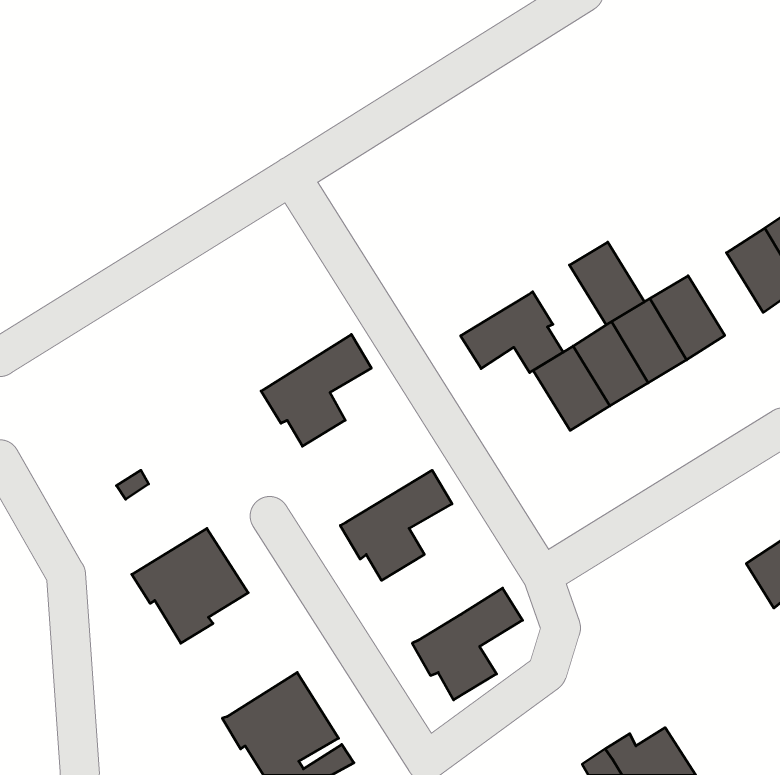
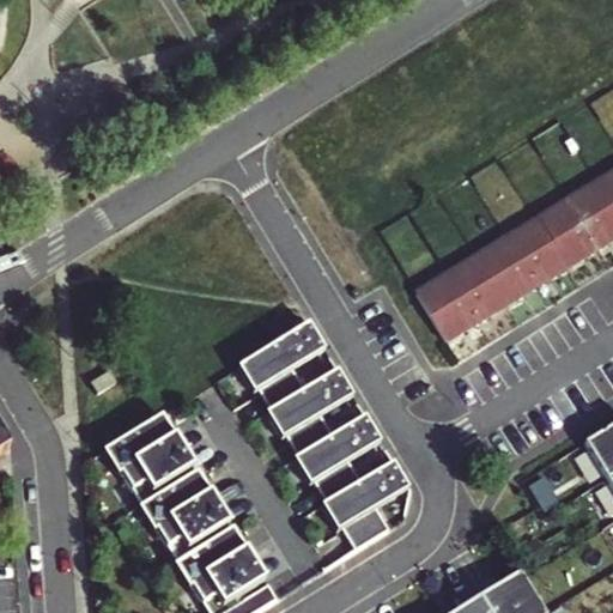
building: [569,242,644,325] -> [540,198,599,262]
building: [461,292,563,373] -> none
building: [261,334,371,446] -> [241,321,327,408]
building: none -> [296,414,383,500]
building: none -> [140,469,231,560]

